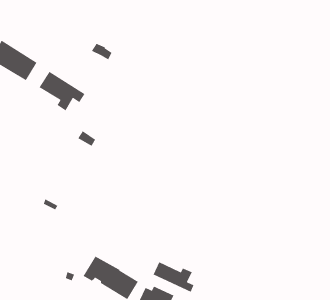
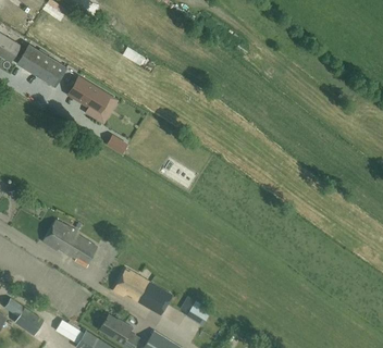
building: none -> [44,221,97,268]
building: [152,261,195,293] -> none

